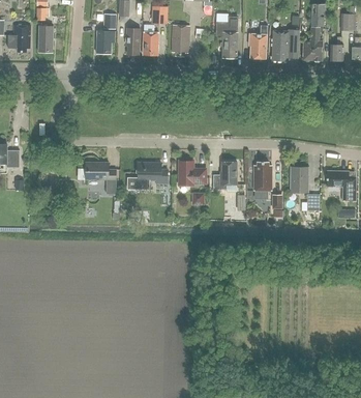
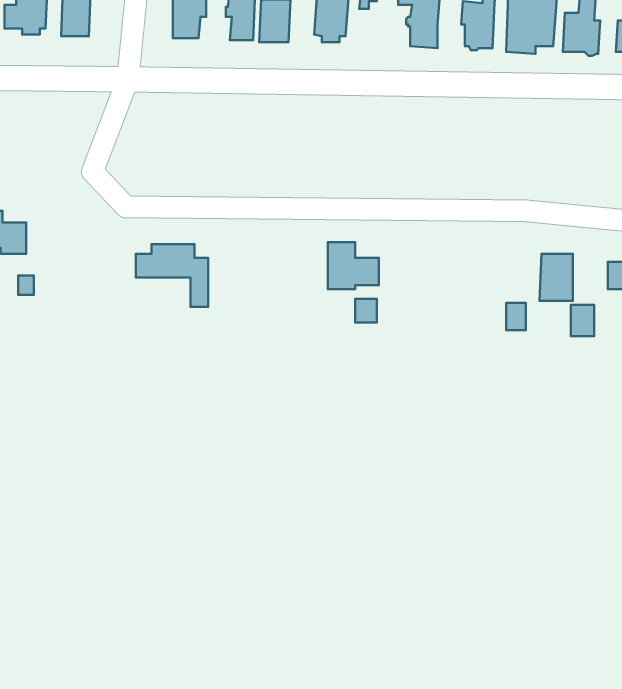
building: [212,162,236,189] -> none
building: [253,162,271,191] -> none
building: [127,163,167,190] -> none

